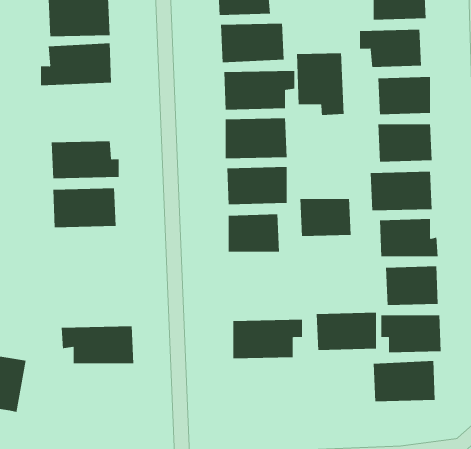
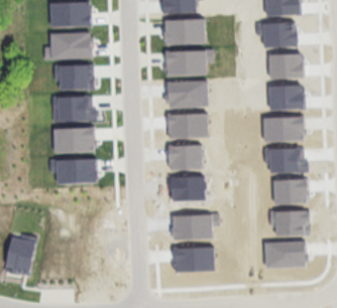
building: [296,52,344,116] -> none
building: none -> [53,63,94,90]
building: [299,198,351,237] -> [171,176,205,201]
building: [316,312,377,350] -> [174,247,214,272]
building: [61,326,134,364] -> [48,158,97,183]

